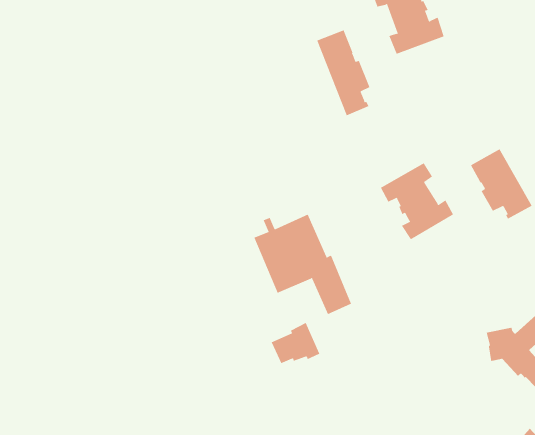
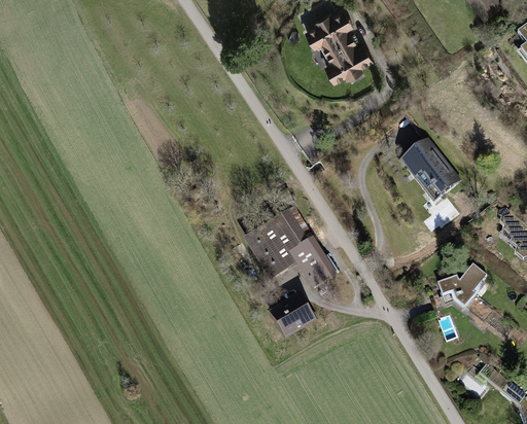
building: [316,29,370,116] -> none
building: [380,163,454,240] -> none

